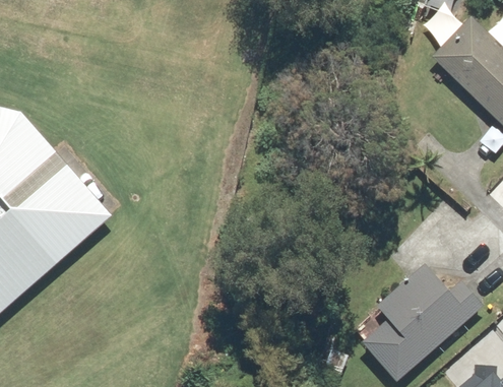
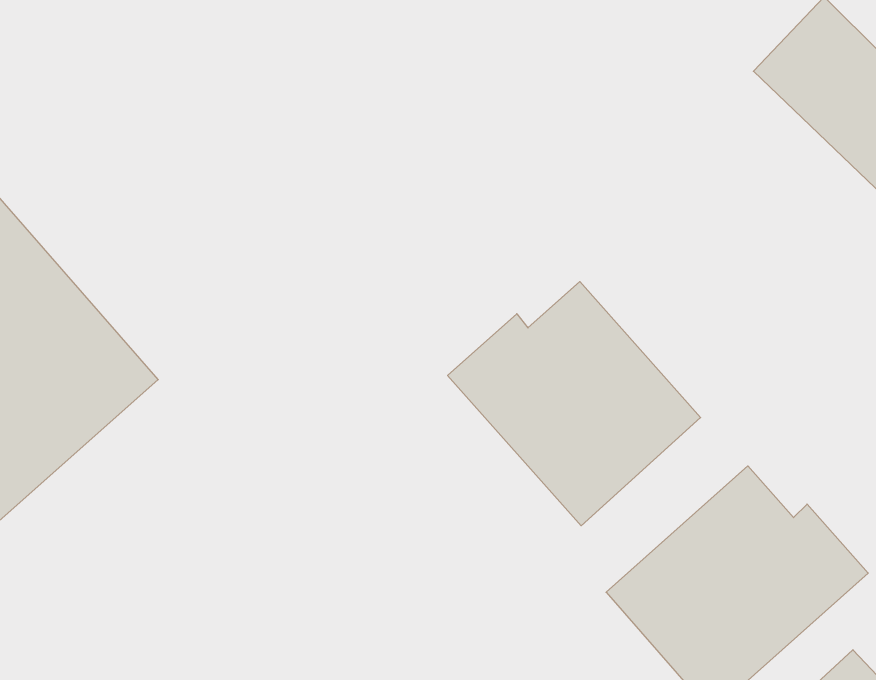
building: none -> [448,282,701,526]

